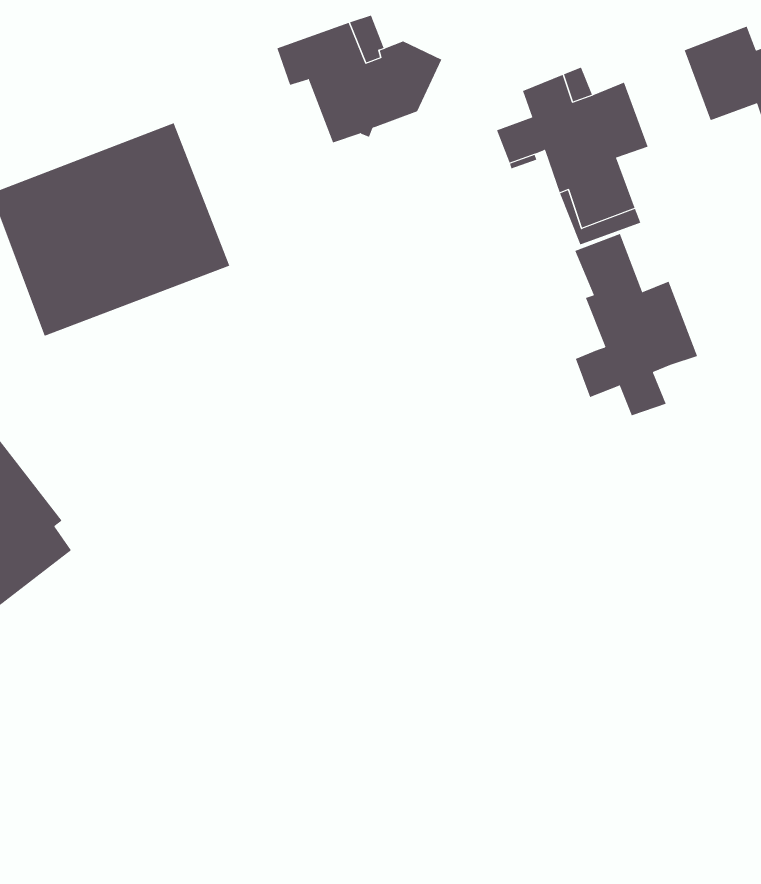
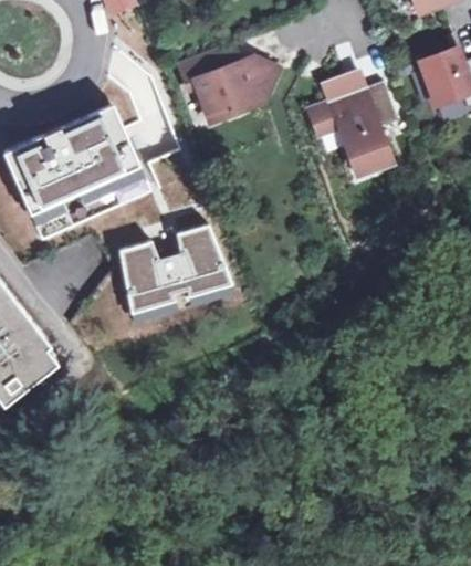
building: [575,233,698,416] -> none
building: none -> [117,224,230,322]

